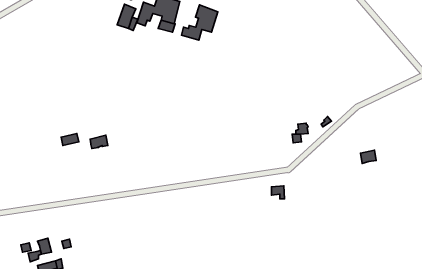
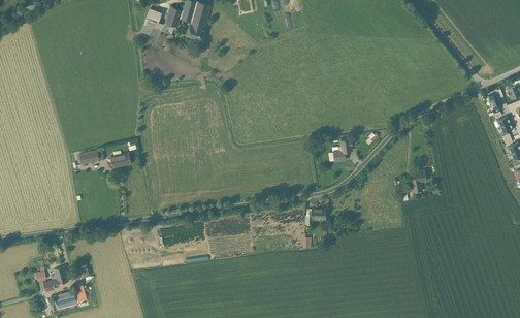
building: [181,5,218,40] -> none

